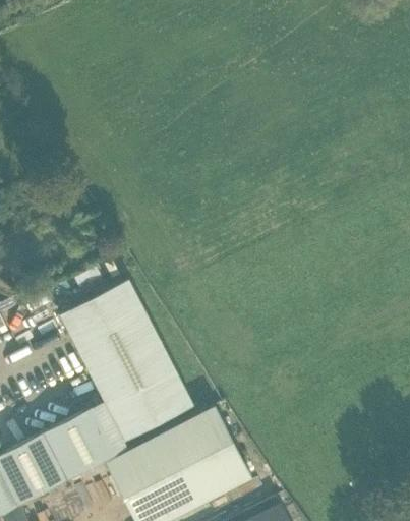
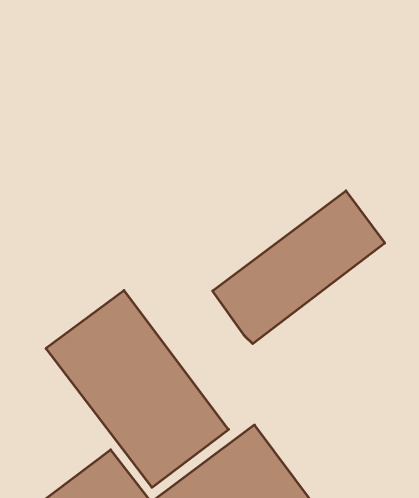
building: none -> [213,191,385,344]

